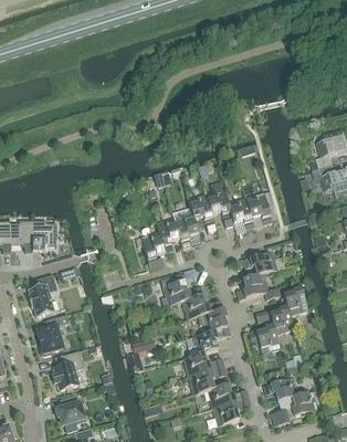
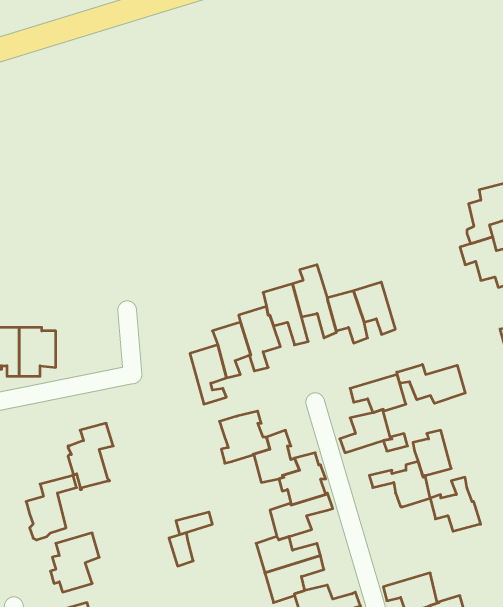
building: none -> [397,364,465,403]
building: [28,274,56,316] -> [68,423,113,489]
building: [248,318,280,352] -> [430,477,481,531]

